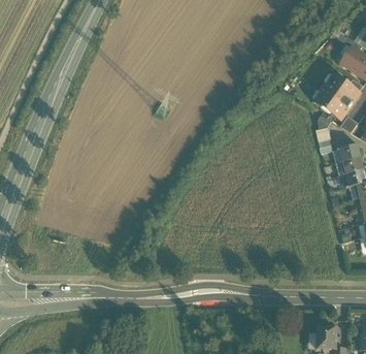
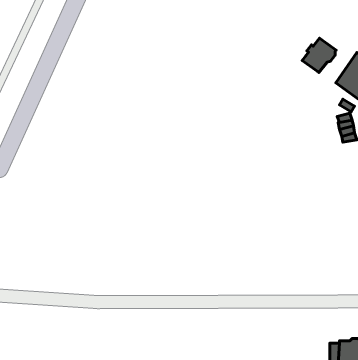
building: none -> [302,38,336,73]

